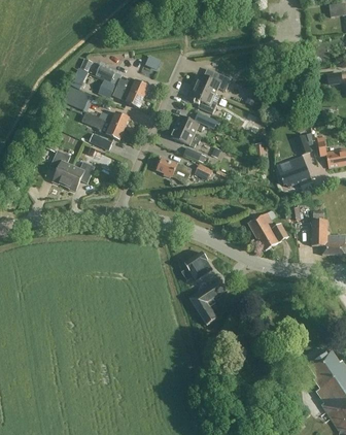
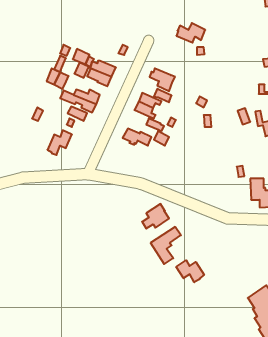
building: [195,70,230,94] -> [176,23,205,43]
building: [49,149,72,185] -> none
building: [279,157,313,191] -> none
building: [248,212,287,250] -> none
building: none -> [176,260,204,282]

